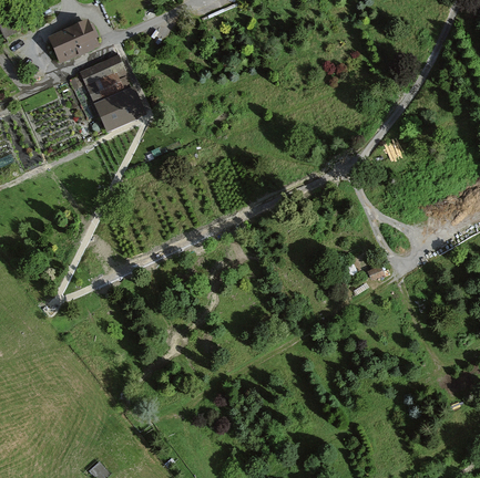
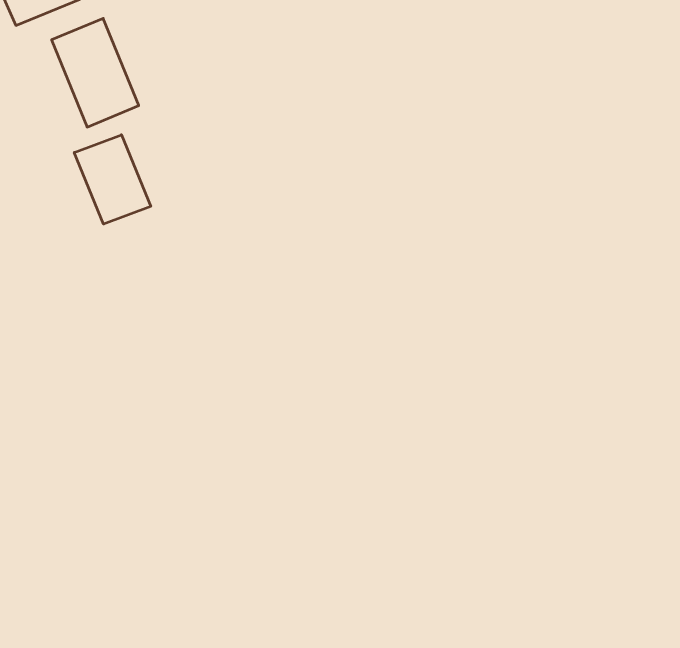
building: none -> [74,135,151,224]

